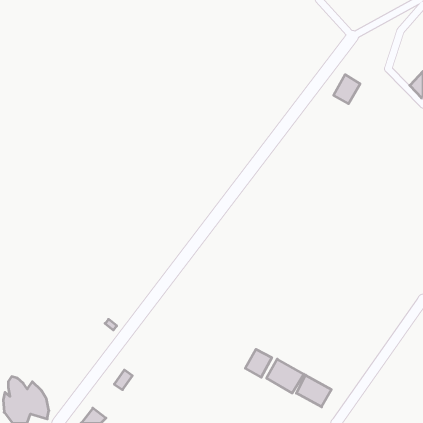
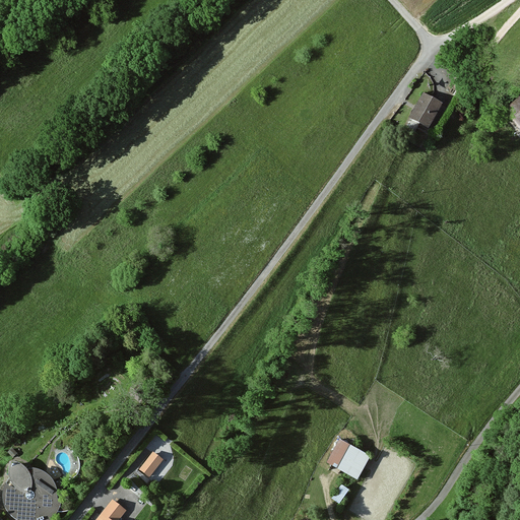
building: [245,349,272,377] -> none
building: [296,375,331,407] -> none

